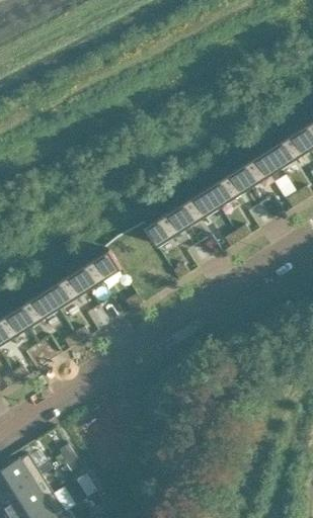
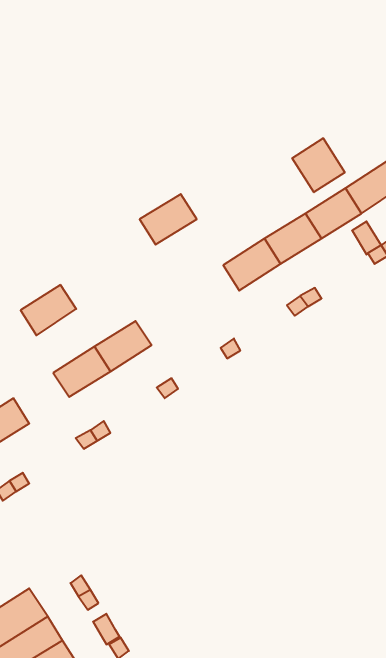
building: none -> [292,138,345,192]
building: [143,207,186,246] -> [140,194,197,245]
building: [14,289,57,328] -> [21,285,76,335]

